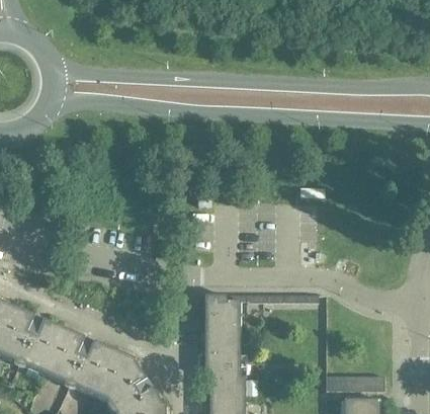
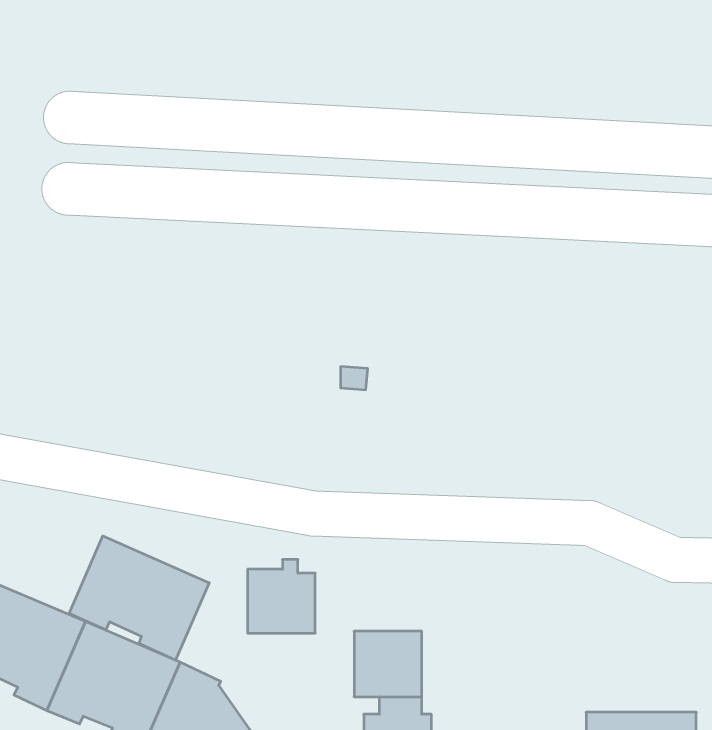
building: none -> [69,536,209,660]
building: [205,296,241,334] -> [248,560,315,633]

